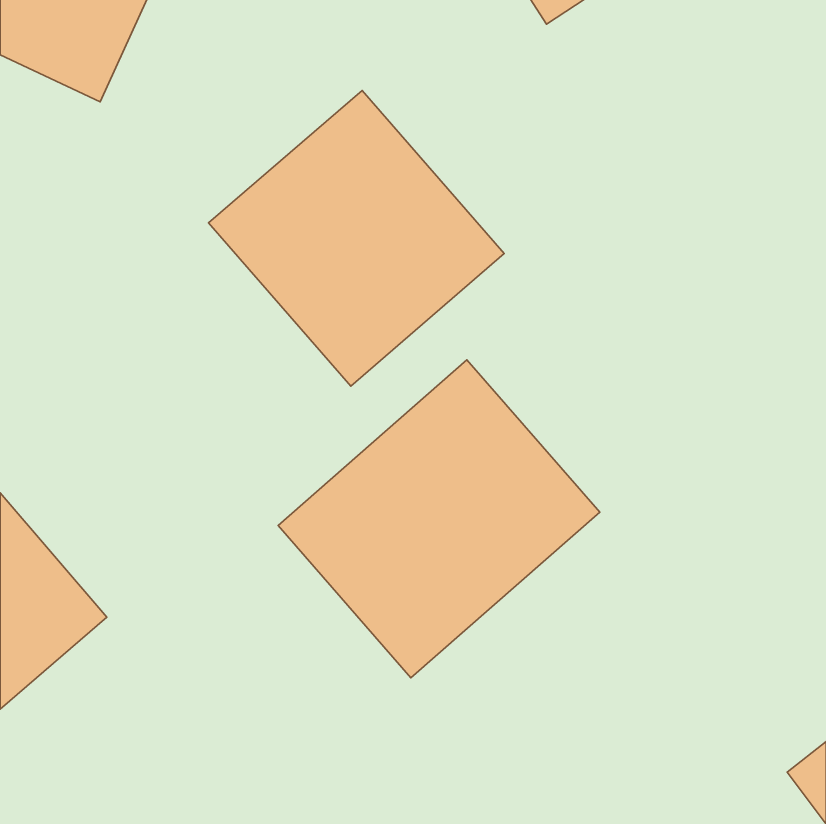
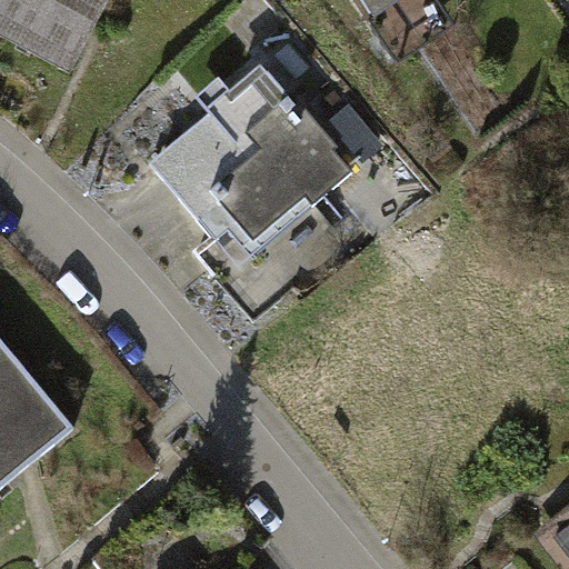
building: [278,360,600,678] -> none

